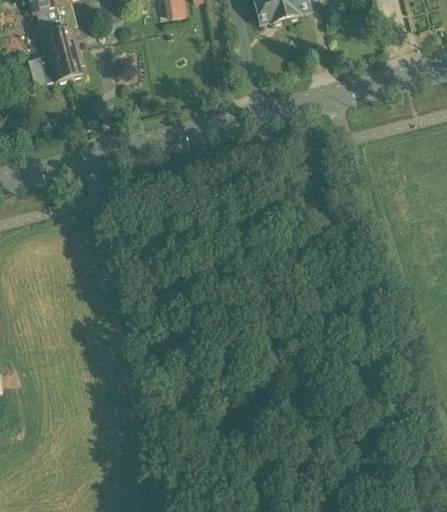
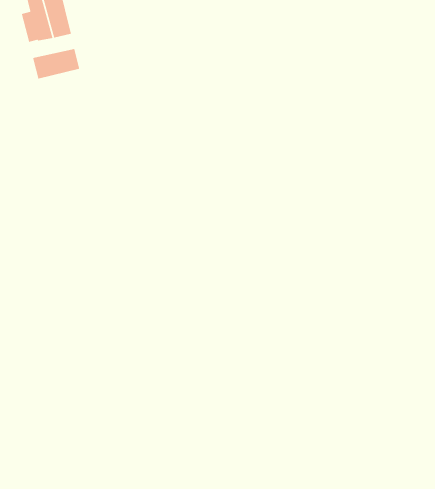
building: none -> [32,48,80,79]

